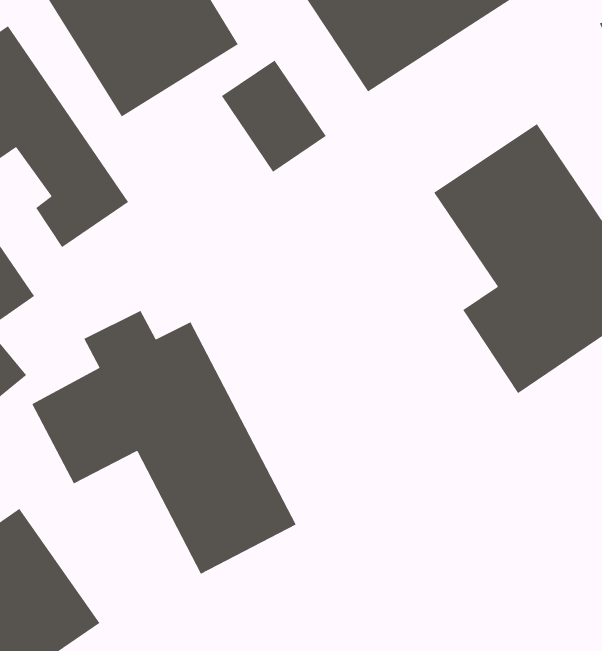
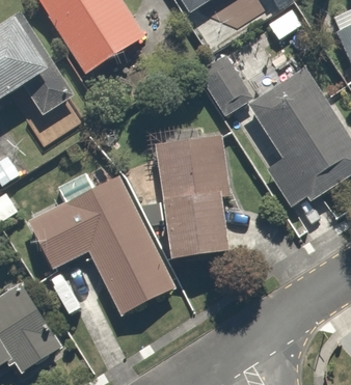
building: [221,59,327,173] -> [194,54,251,115]
building: none -> [160,130,238,263]

